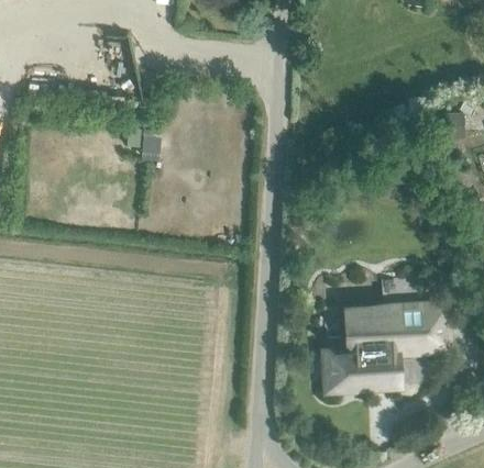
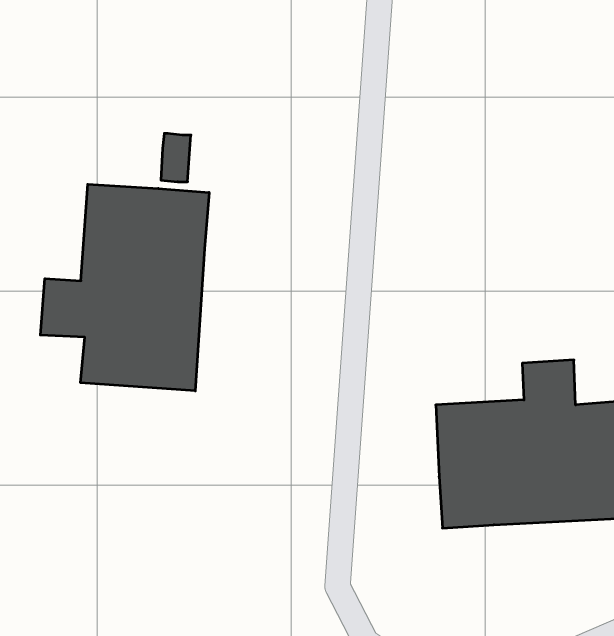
building: none -> [40,184,209,391]

